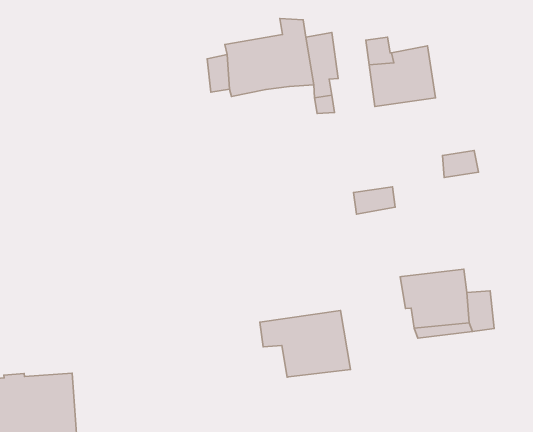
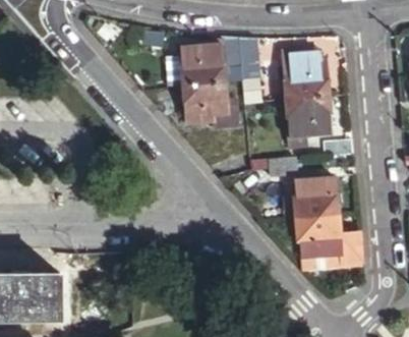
building: none -> [185,82,229,123]
building: none -> [285,98,331,148]
building: [260,311,351,377] -> [278,177,339,221]

